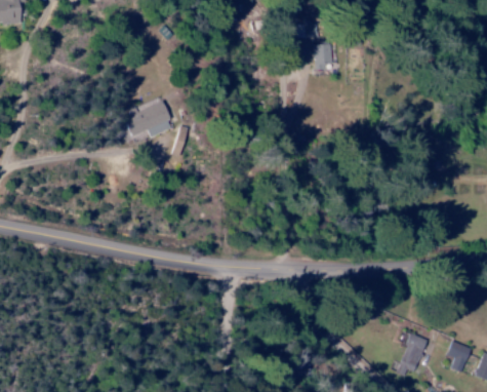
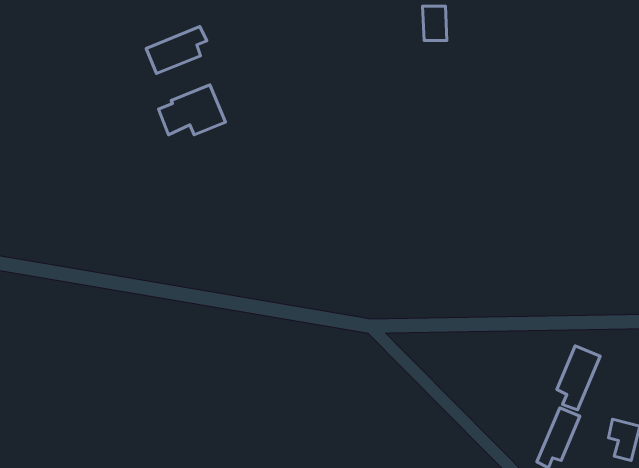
building: none -> [146,26,207,73]
building: none -> [557,346,600,410]

